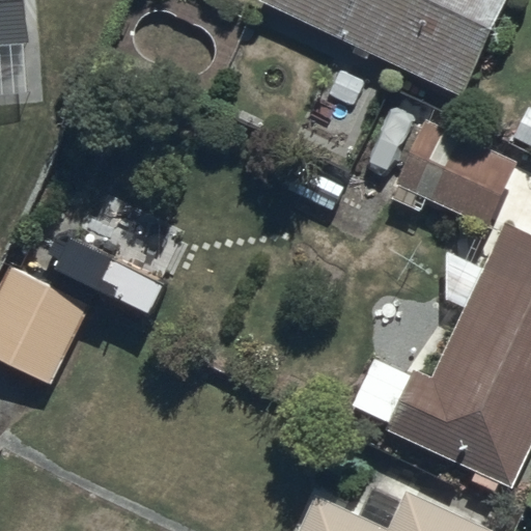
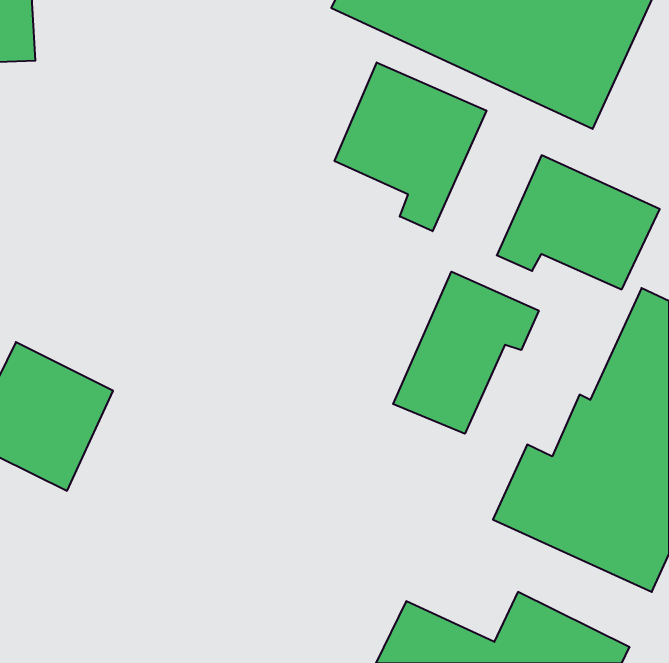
building: none -> [335,62,486,231]
building: none -> [393,272,539,434]

